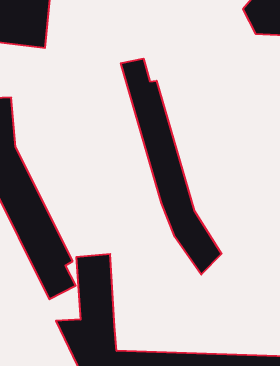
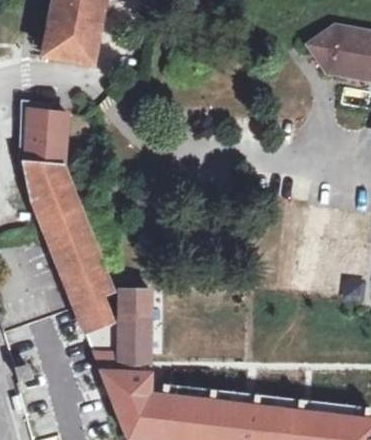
building: [121,59,222,275] -> none

